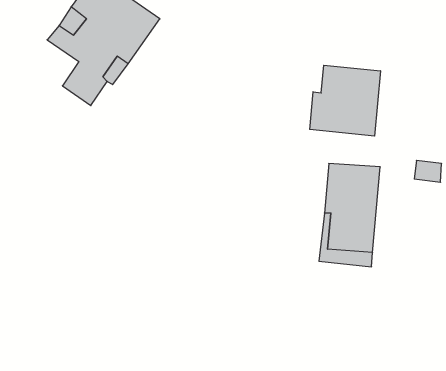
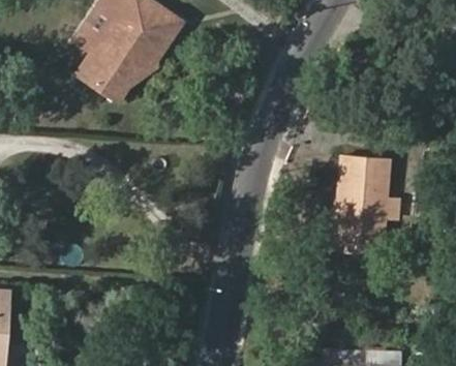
building: [310,65,380,136] -> none

